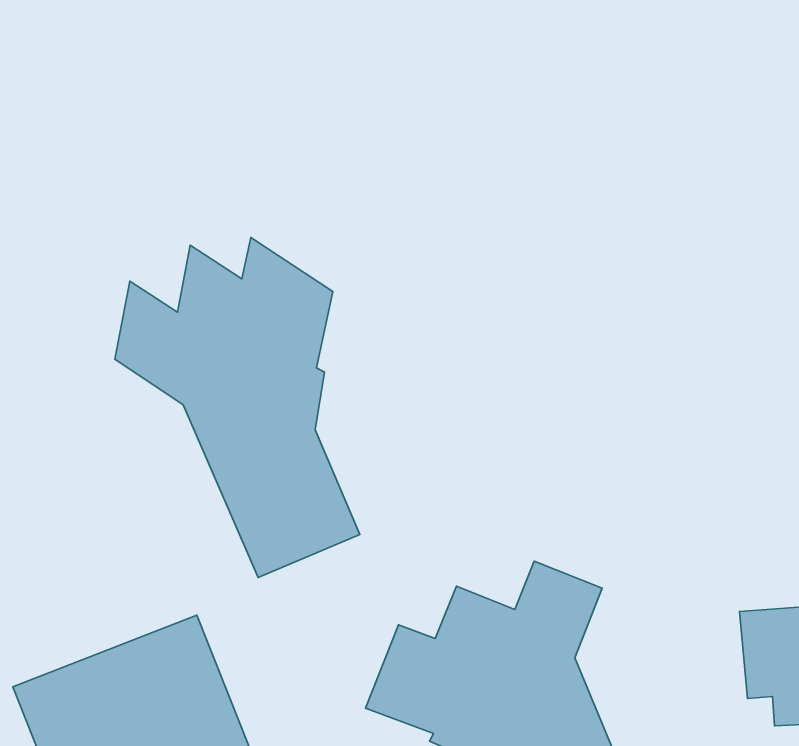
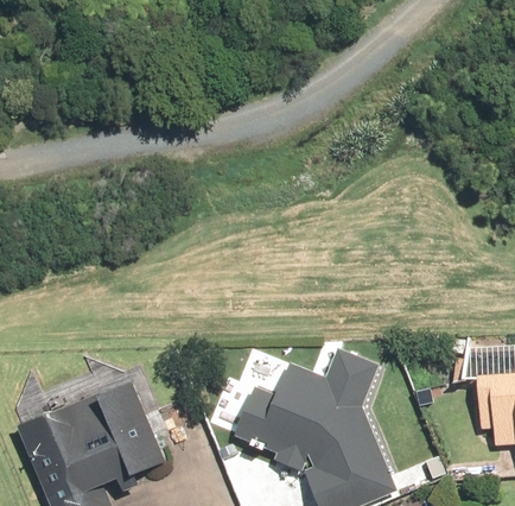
building: [115,237,360,578] -> none

